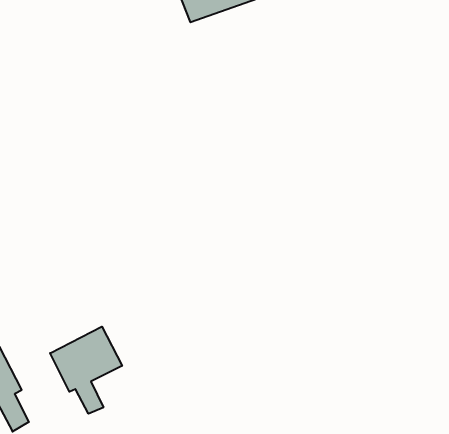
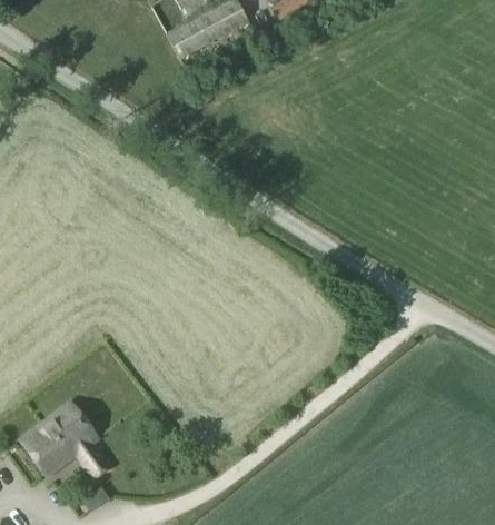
building: [50,327,122,414] -> none

